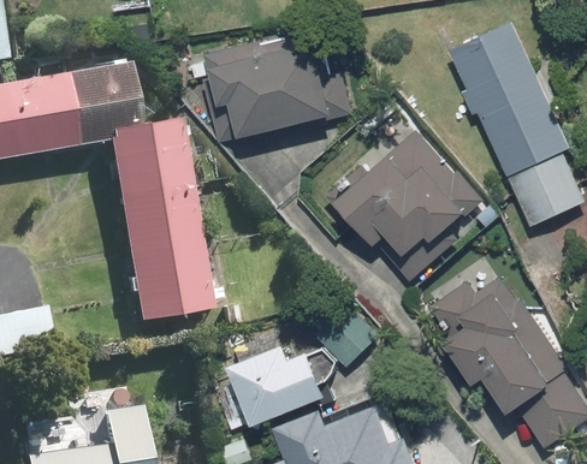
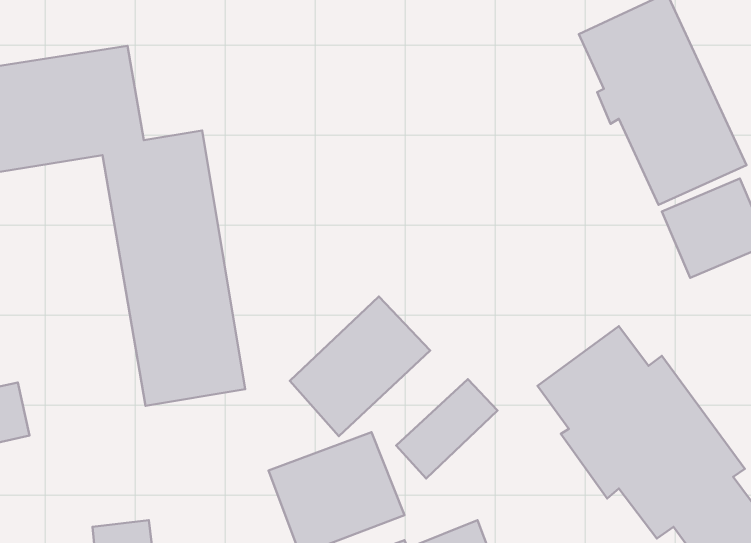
building: [203,32,351,135] -> none
building: [332,127,480,258] -> none
building: none -> [290,296,430,436]

